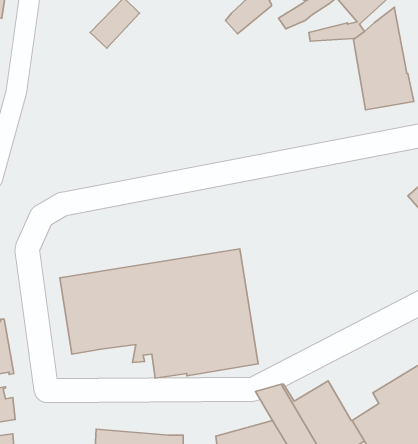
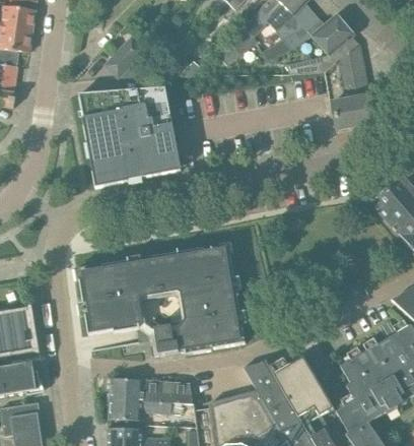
building: none -> [78,87,180,186]
building: none -> [109,378,191,403]

